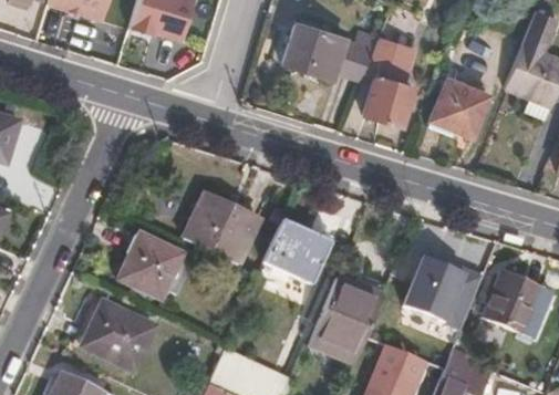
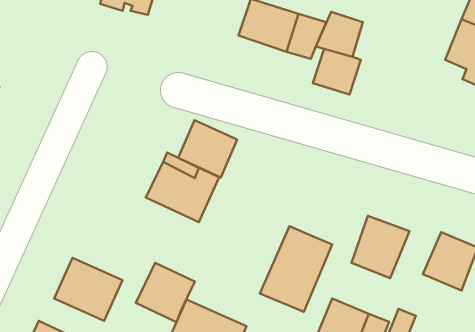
building: [429,79,488,138] -> none
building: [267,215,331,277] -> [178,120,237,177]
building: [120,236,184,300] -> [136,263,195,322]

